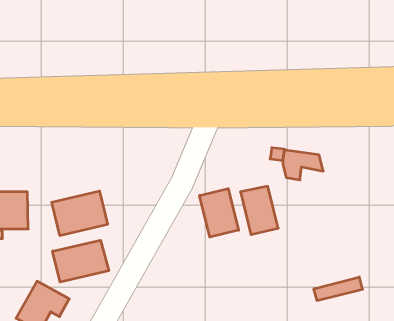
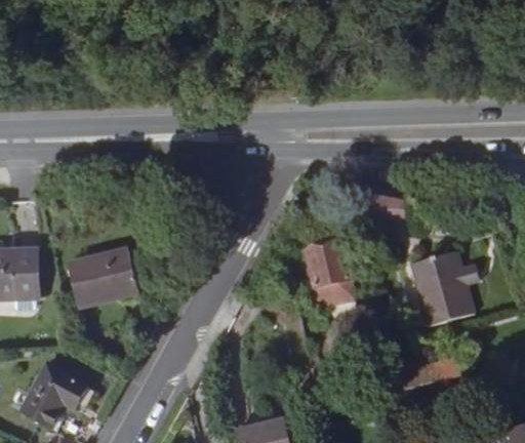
building: [200,189,239,237] -> none
building: none -> [411,255,472,326]
building: [53,240,109,282] -> none

